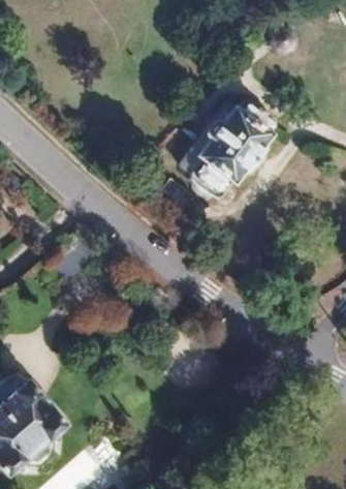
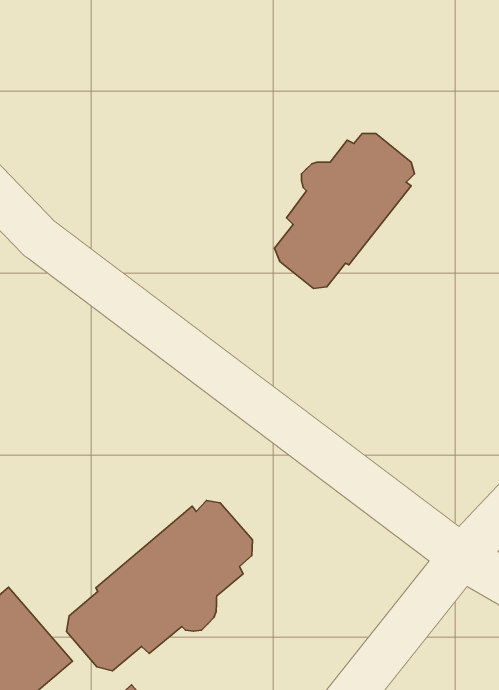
building: none -> [67,501,253,671]

